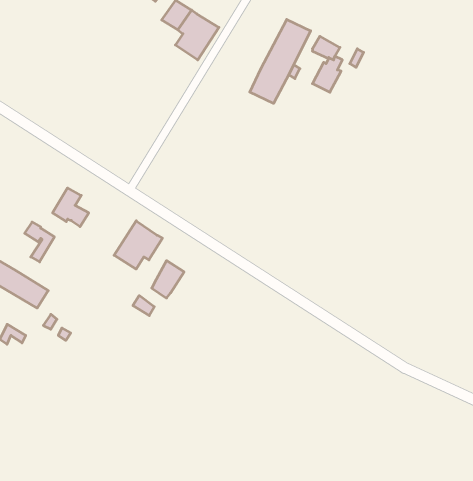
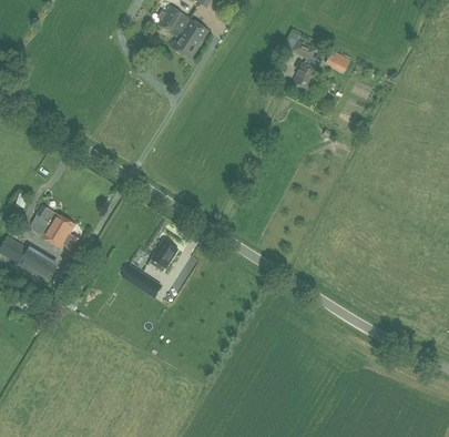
building: [250,19,311,103] -> none
building: [53,188,89,227] -> [48,216,80,251]
building: [114,221,162,269] -> none

